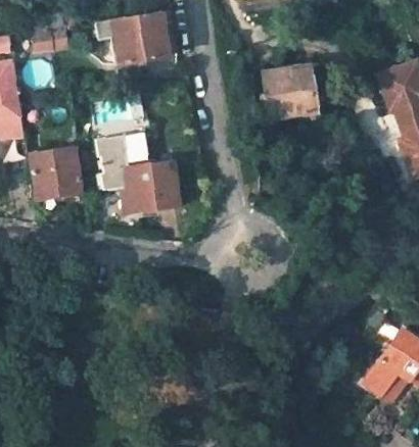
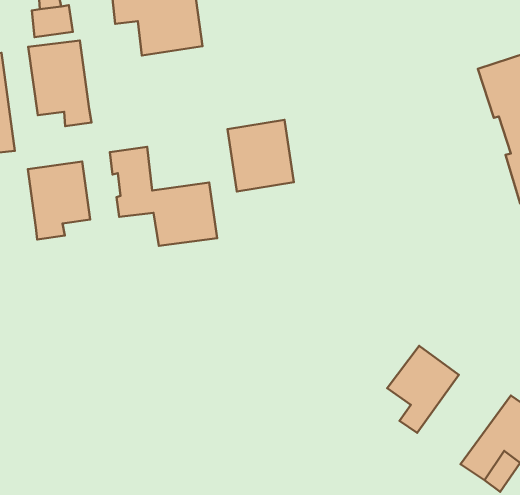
building: none -> [28,40,91,126]
building: [270,65,321,120] -> [228,120,294,191]
building: none -> [387,346,459,433]

